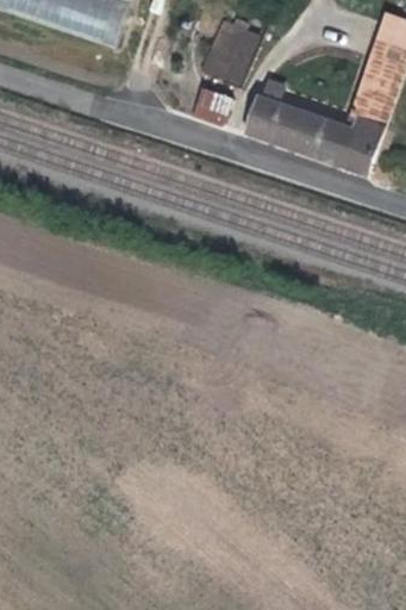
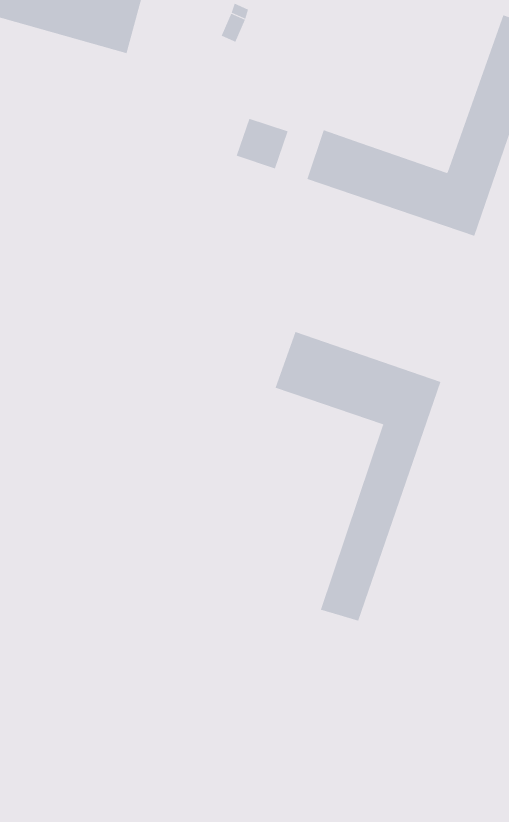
building: [206,19,258,80] -> none
building: none -> [275,331,441,621]

